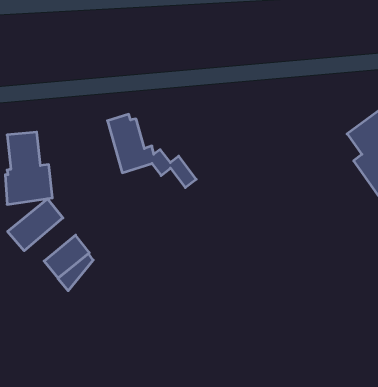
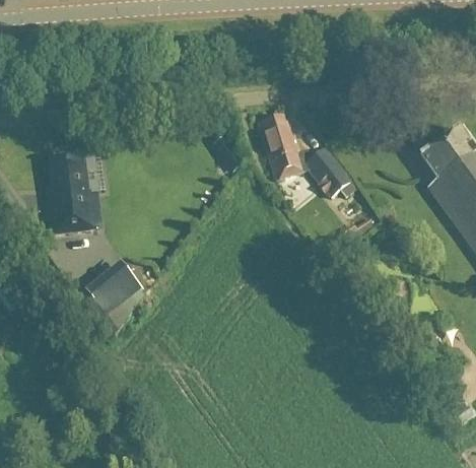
building: [107,114,196,188] -> [260,115,357,195]
building: [8,199,63,251] -> none

